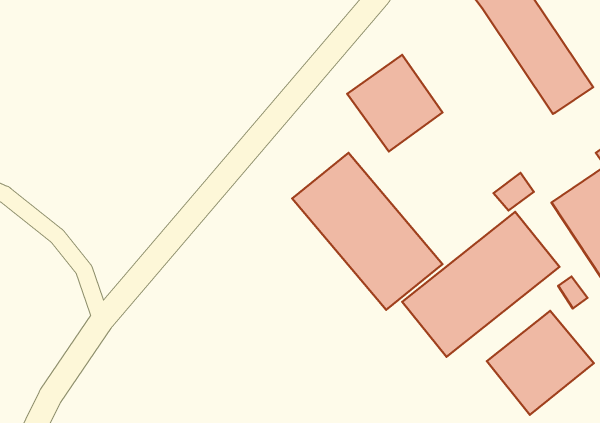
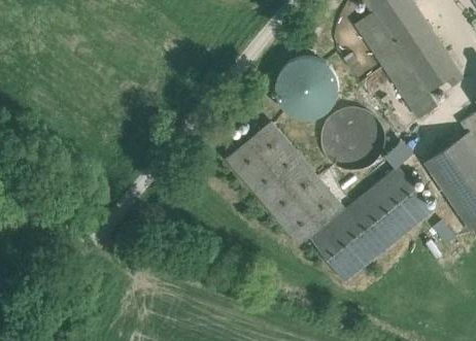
building: none -> [355,12,438,118]
building: none -> [321,107,384,171]
building: [487,311,594,415] -> none

